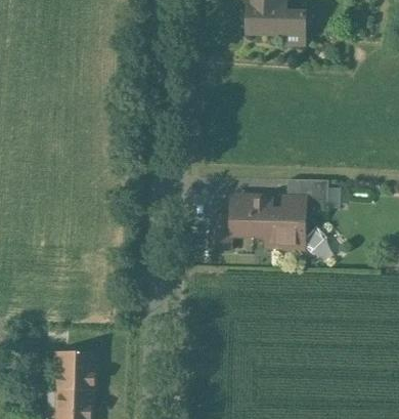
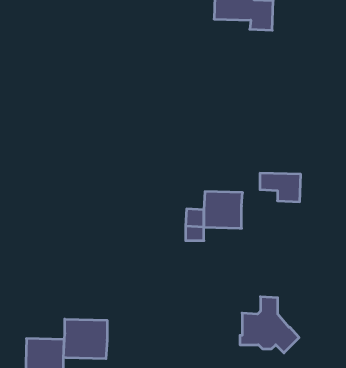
building: [269,199,328,255] -> [240,297,299,353]
building: none -> [64,319,107,359]

